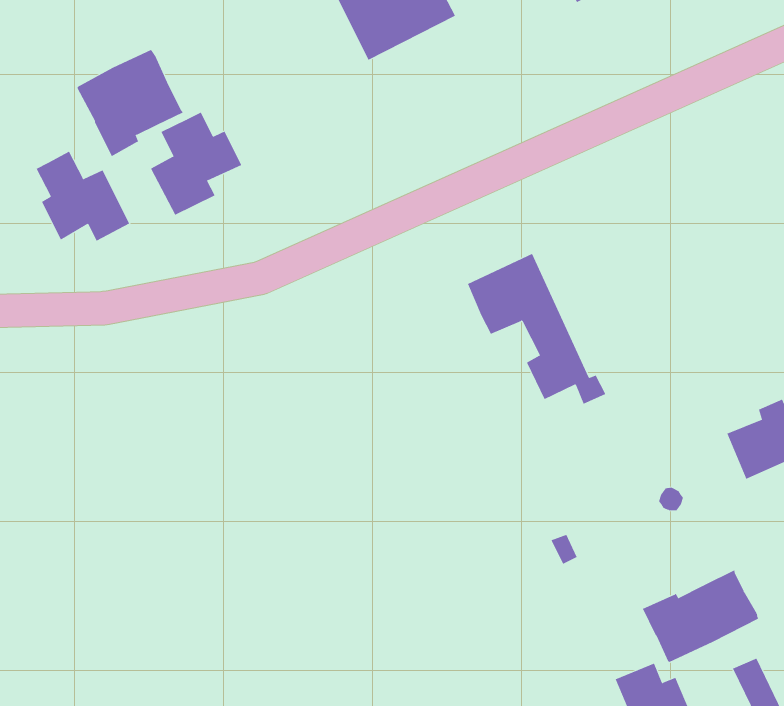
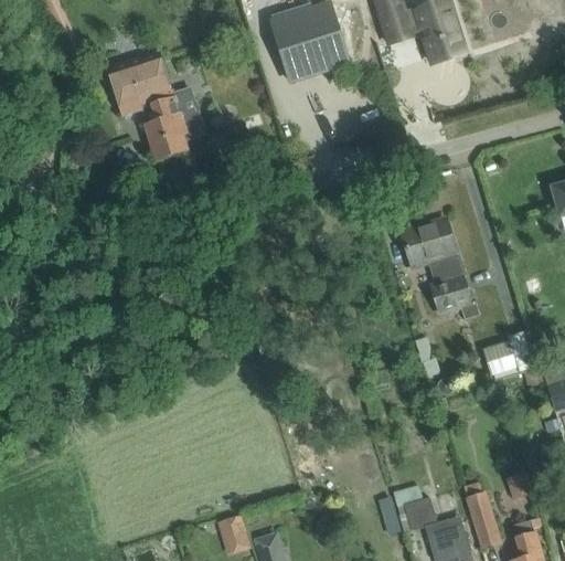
building: [36,151,130,241] -> none
building: [467,253,606,405] -> [401,219,478,319]
building: [642,570,758,663] -> none

